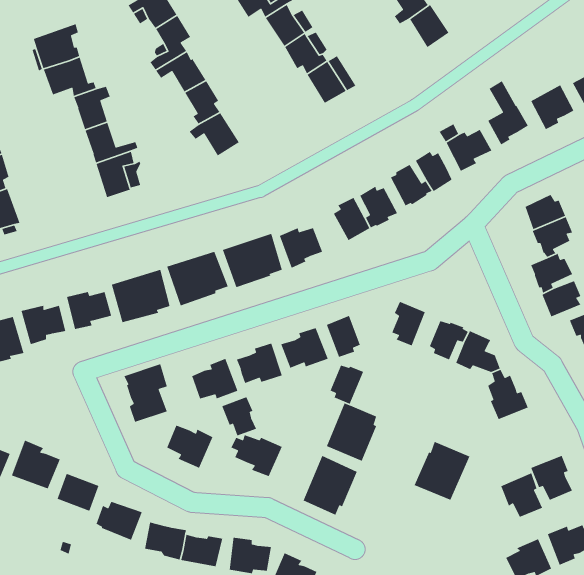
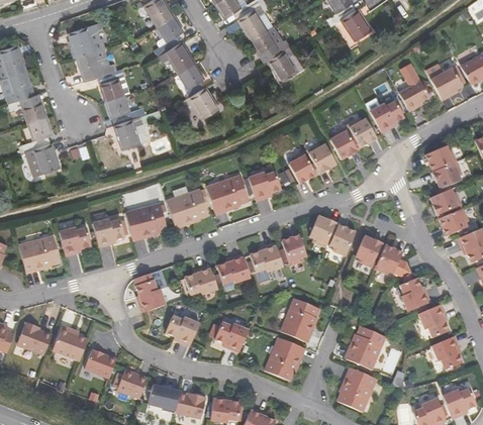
building: [329,365,364,405] -> [305,217,330,246]
building: [221,396,257,437] -> none
building: [500,472,543,518] -> [416,304,448,337]
building: none -> [339,367,376,411]

